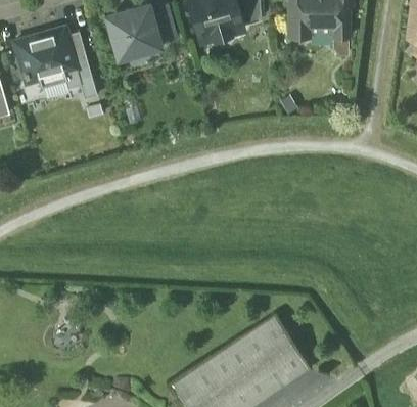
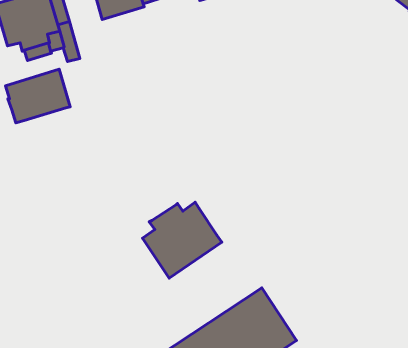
building: none -> [5,69,70,123]
building: none -> [143,202,222,278]

